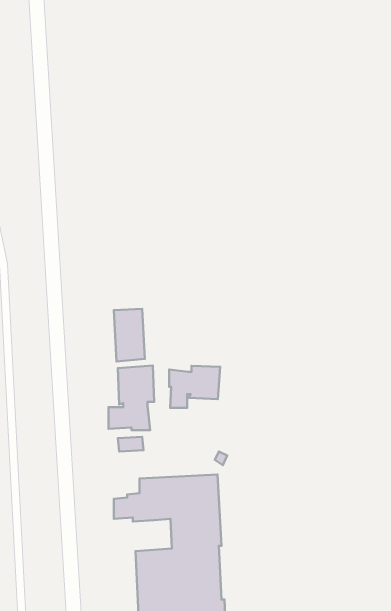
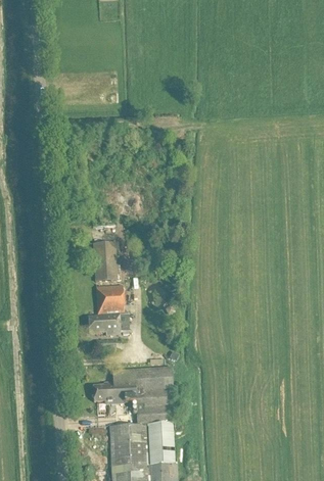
building: [169,366,220,408] -> none

